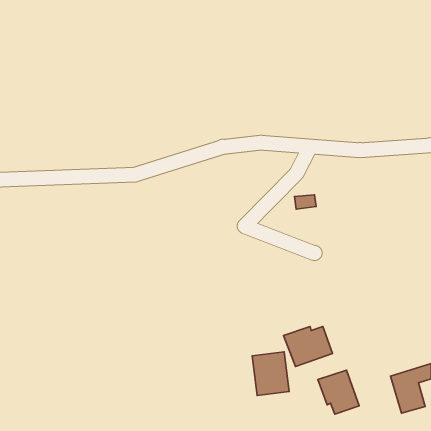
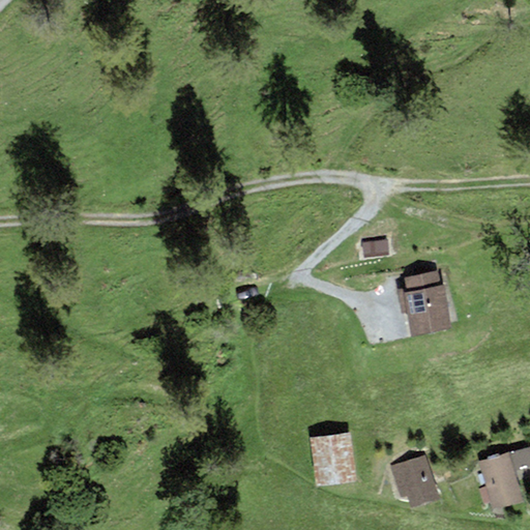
building: none -> [403,270,452,336]
building: [283,326,333,367] -> none

